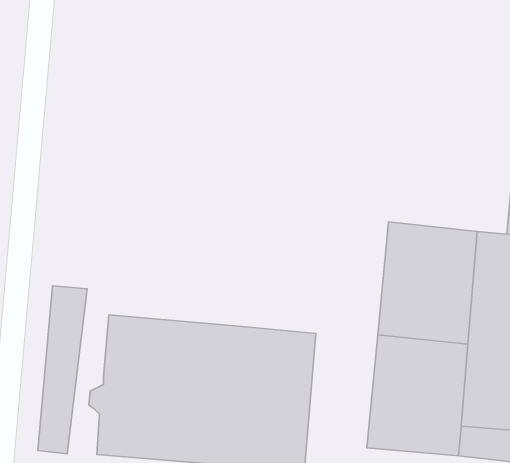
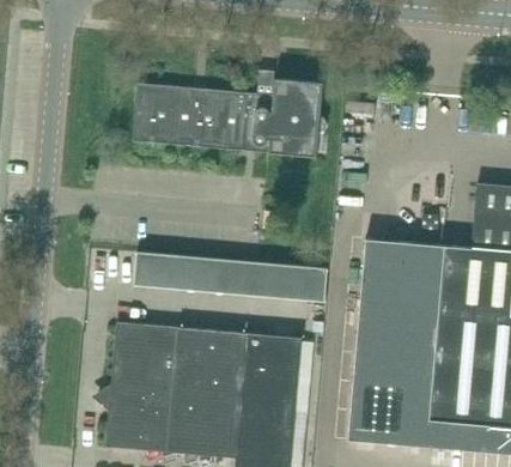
building: none -> [133,79,327,157]
building: none -> [141,243,336,314]
building: [38,286,87,454] -> none

